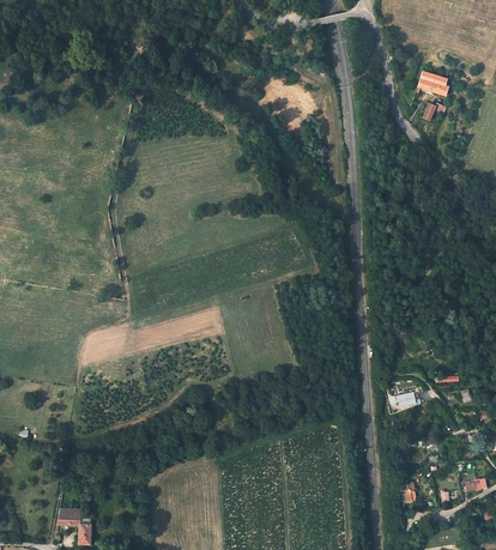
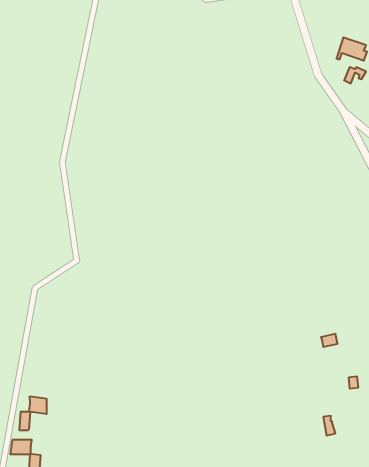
building: none -> [20,396,47,430]

